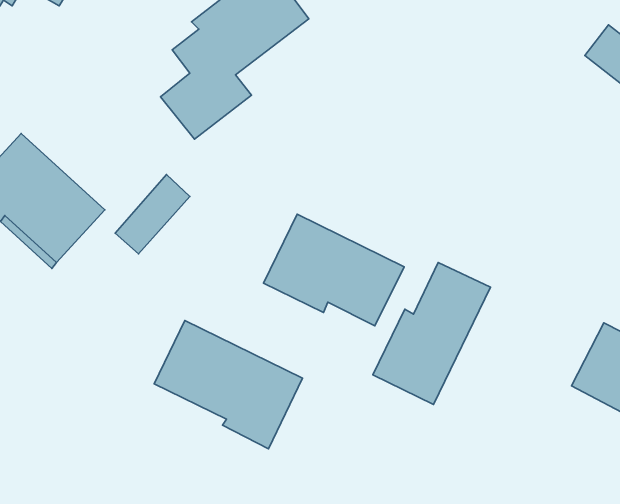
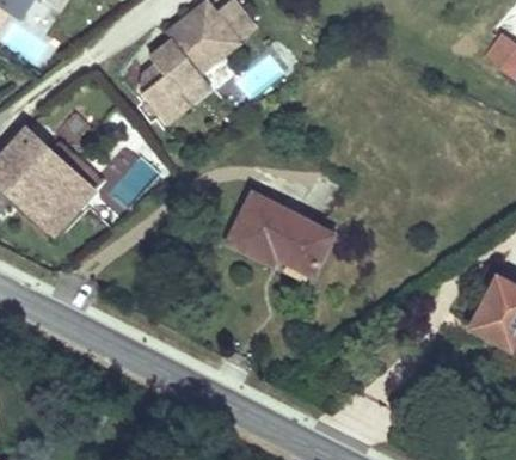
building: [373,262,490,404] -> none
building: [154,321,302,449] -> none

